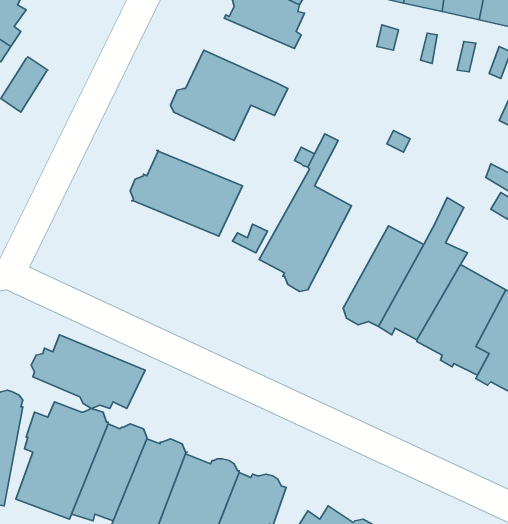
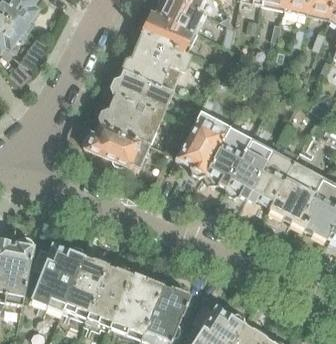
building: none -> [140,12,195,53]
building: none -> [111,70,173,114]
building: none -> [203,126,251,187]
building: [31,335,145,409] -> [82,123,150,167]

